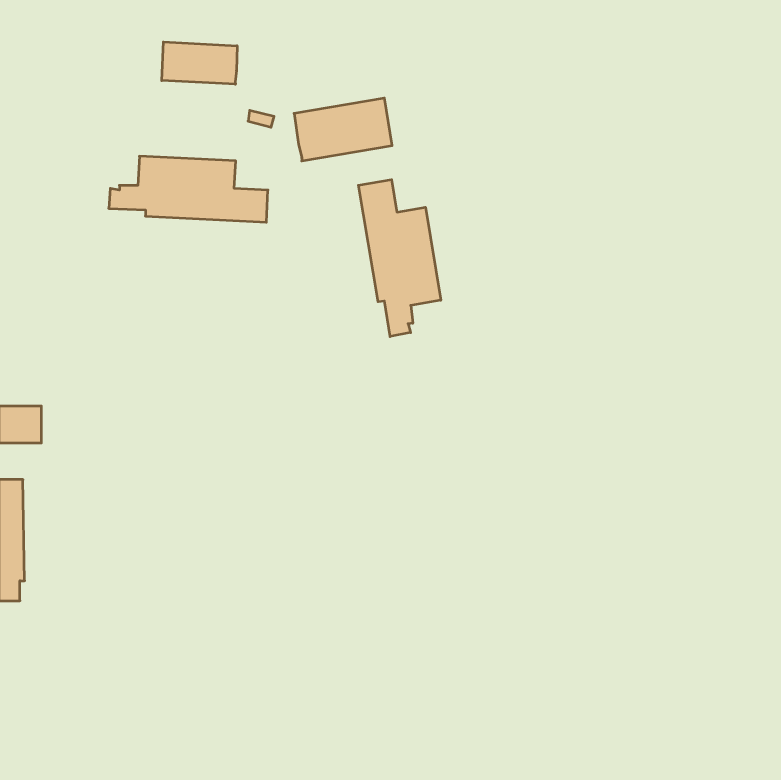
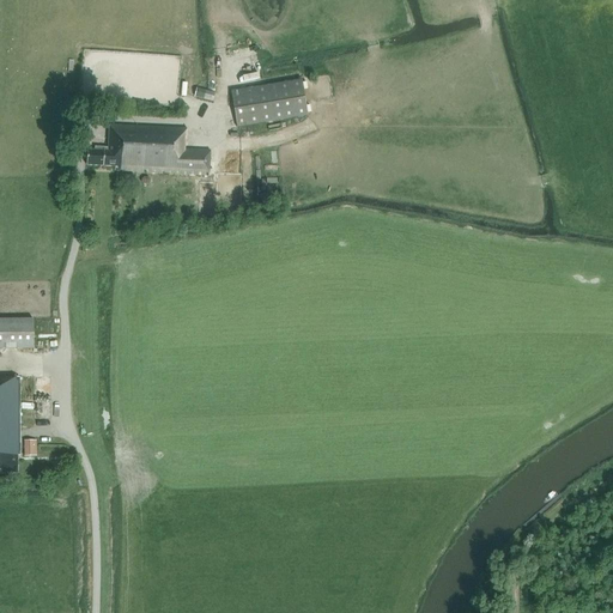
building: [162,42,237,84] -> none
building: [358,180,441,337] -> none

